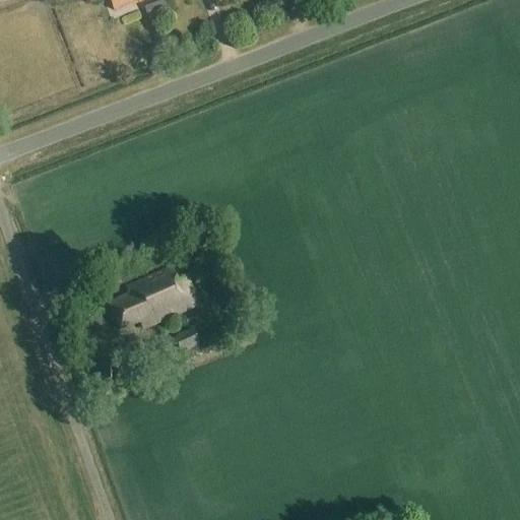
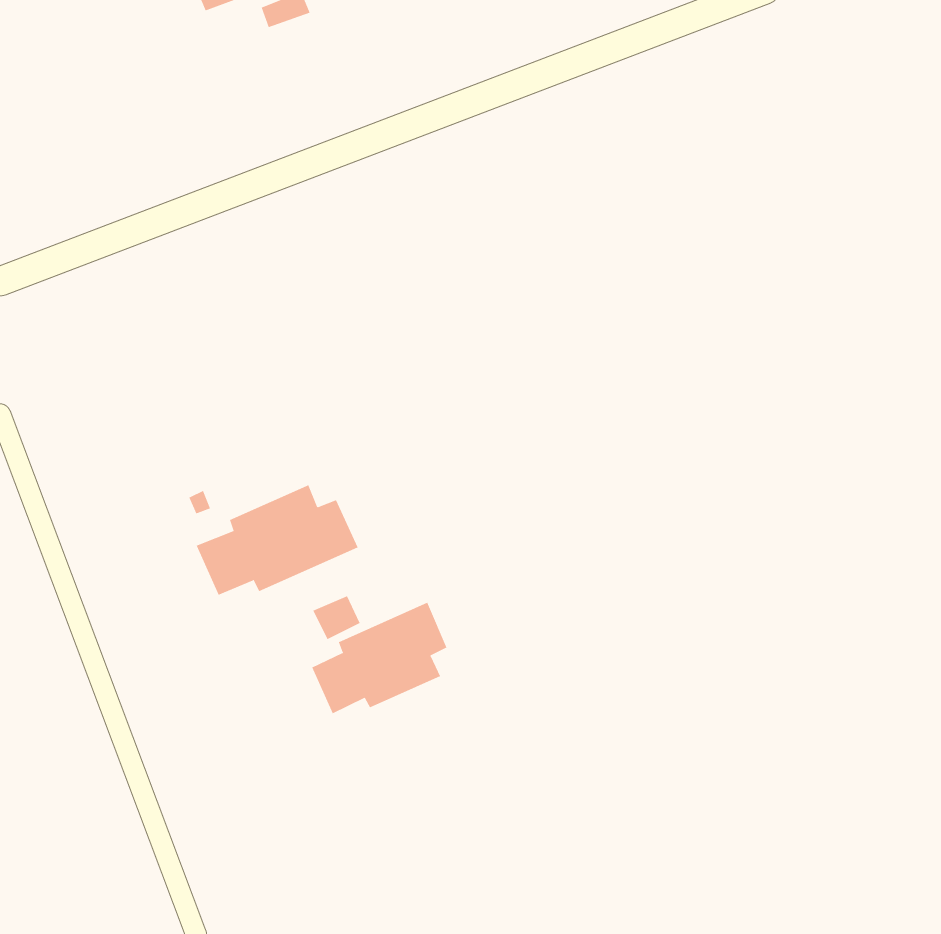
building: none -> [311,602,447,714]

